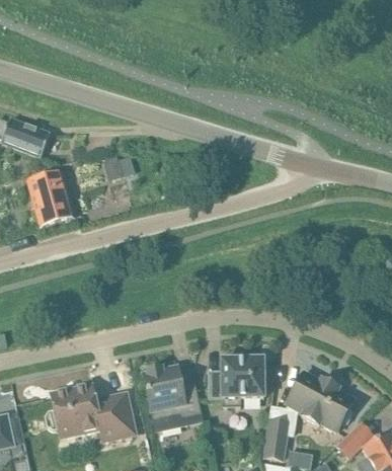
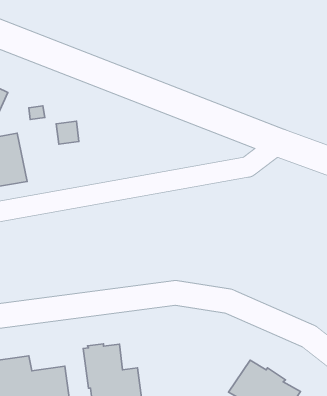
building: [208,354,266,405] -> none

